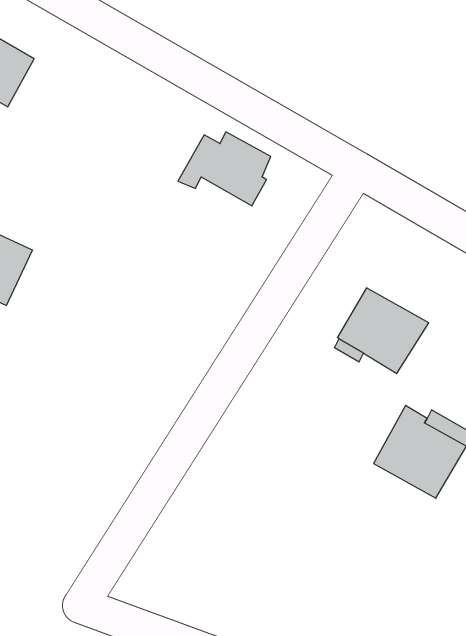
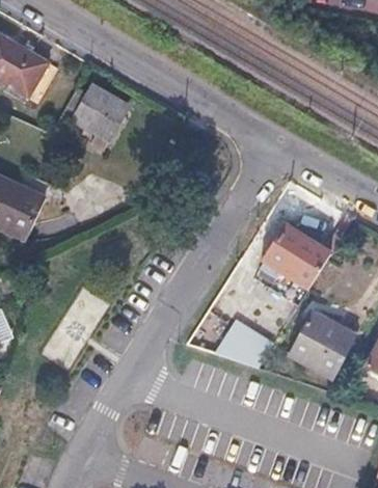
building: [178,132,271,206] -> [56,87,123,140]
building: none -> [217,318,274,367]

